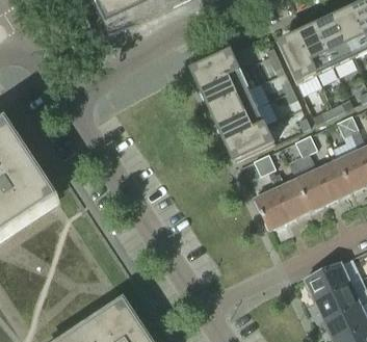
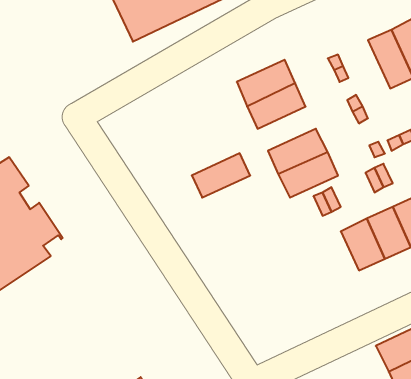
building: [279,34,315,81] -> none
building: [209,87,256,123] -> [192,153,250,198]
building: [254,187,290,229] -> none

